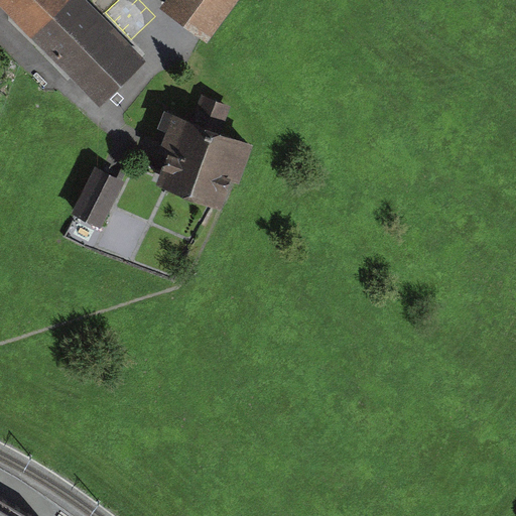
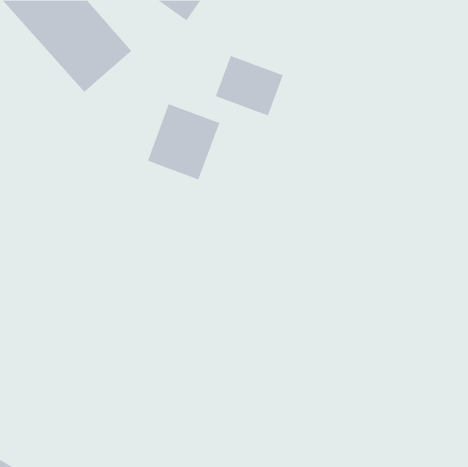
building: none -> [215,55,283,116]
building: [70,162,127,231] -> none

